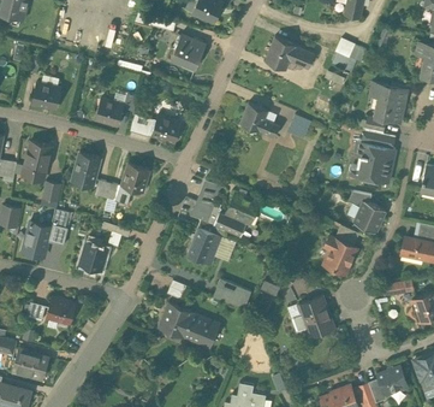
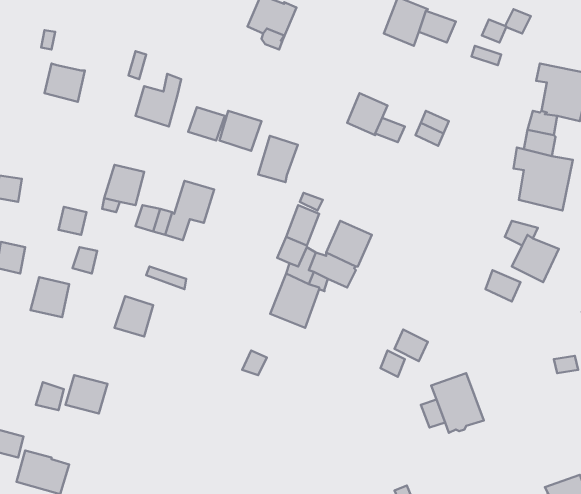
building: none -> [258,136,298,182]
building: [23,142,52,181] -> none
building: [323,236,357,273] -> none
building: [213,279,251,309] -> none
building: [159,302,220,348] -> none

